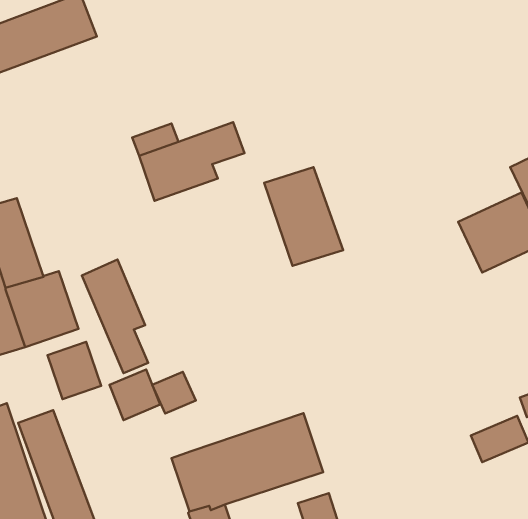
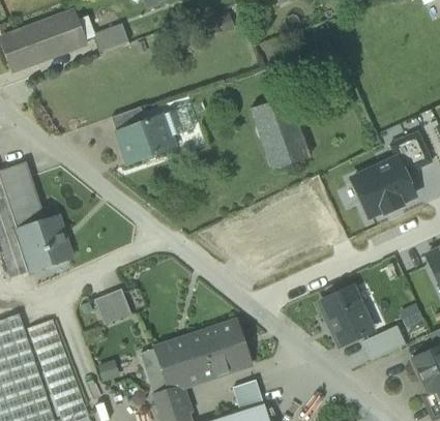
building: none -> [93,27,128,54]
building: [264,167,343,266] -> [251,97,309,170]
building: [82,260,148,373] -> none
building: [47,342,101,399] -> none
building: none -> [322,289,370,344]
building: [152,372,196,414] -> none

